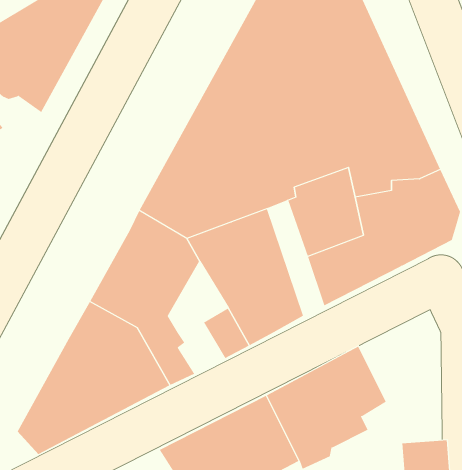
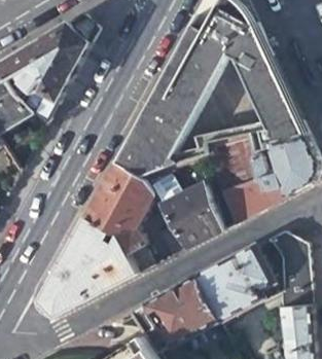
building: none -> [269,232,310,308]

